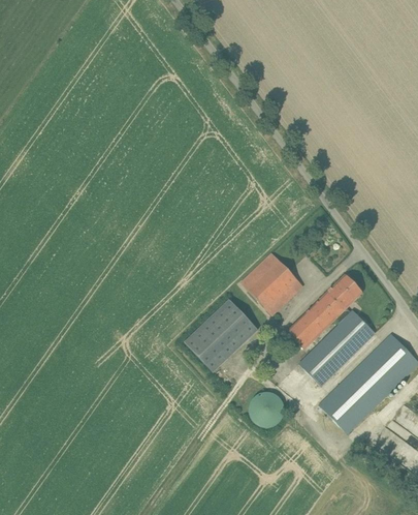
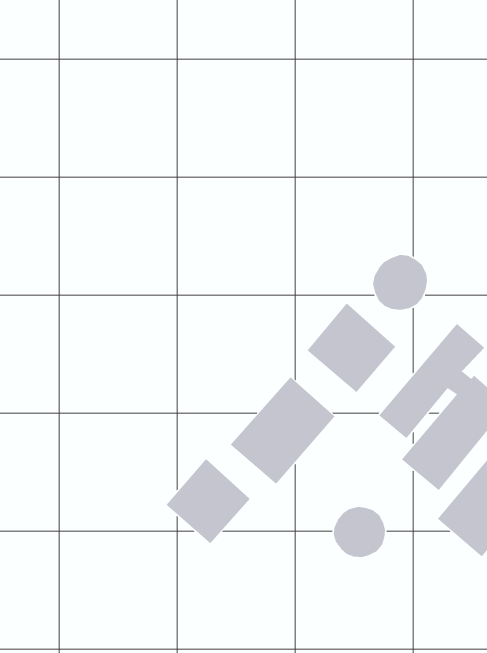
building: none -> [372,254,428,310]
building: none -> [166,458,250,544]

